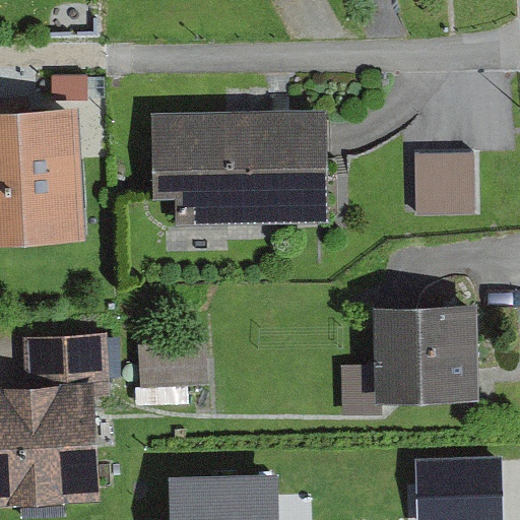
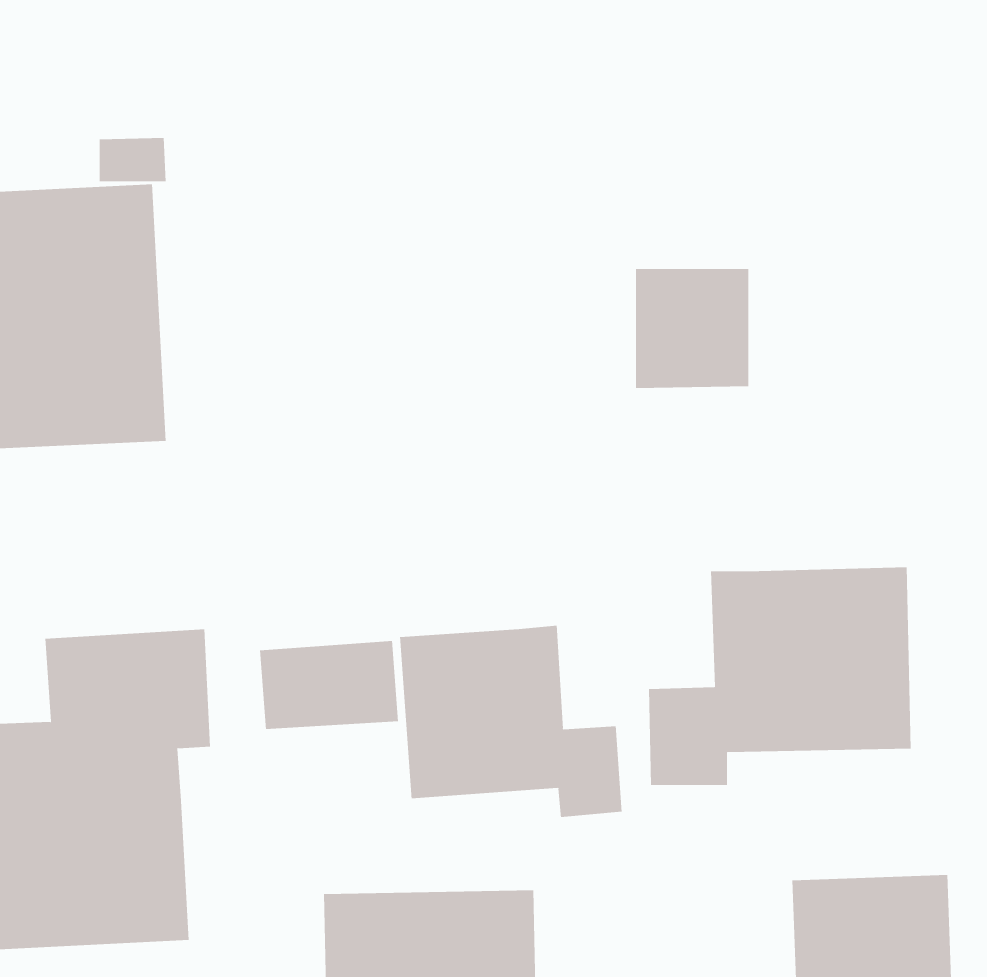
building: [150,111,327,226] -> none
building: [414,154,474,217] -> [635,268,749,388]
building: none -> [400,625,622,818]

